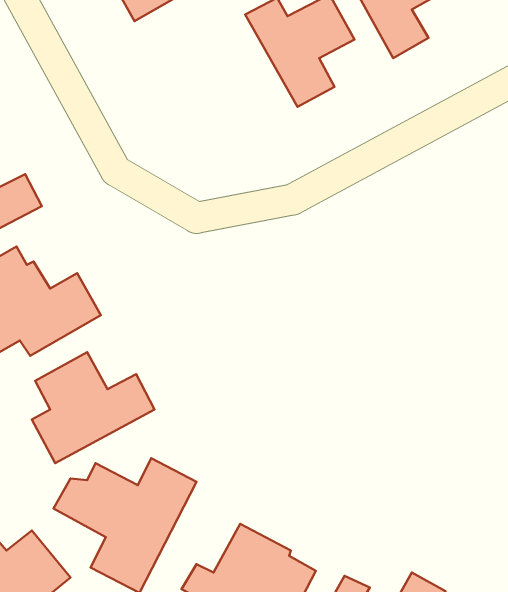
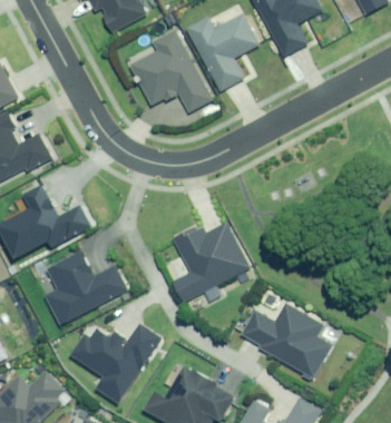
building: none -> [130,30,212,112]
building: none -> [172,223,250,303]
building: none -> [237,303,331,377]

